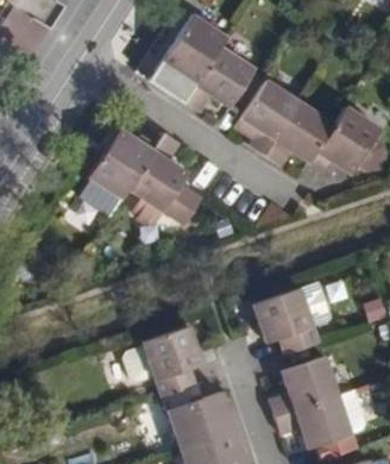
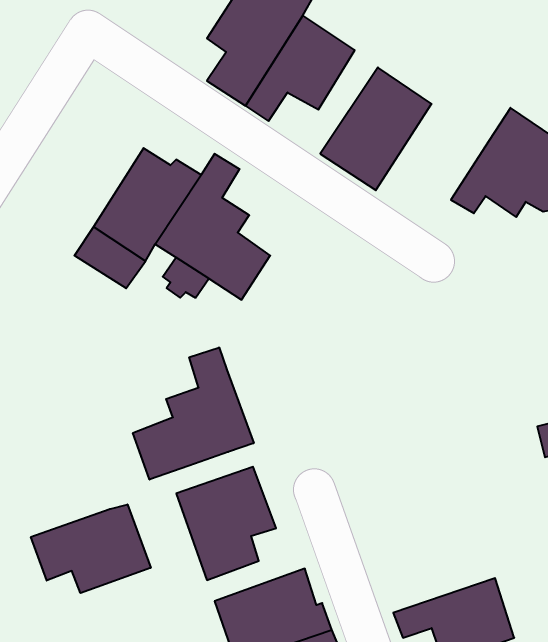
building: [265,101,335,163] -> none
building: none -> [133,347,254,480]
building: [252,289,317,353] -> none
building: none -> [31,504,151,593]
building: [270,355,339,416] -> none

